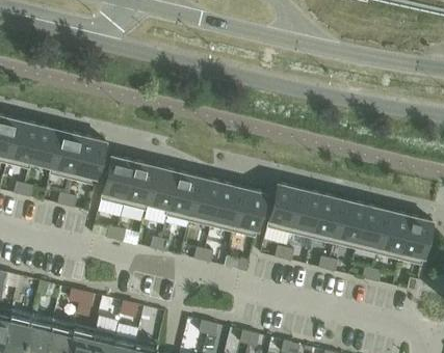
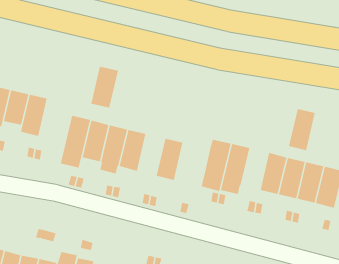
building: [73,136,106,186] -> [91,66,119,108]
building: [189,178,221,227] -> none
building: [233,188,266,238] -> none
building: [312,194,344,244] -> [288,109,316,151]

